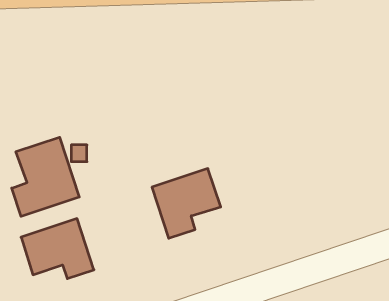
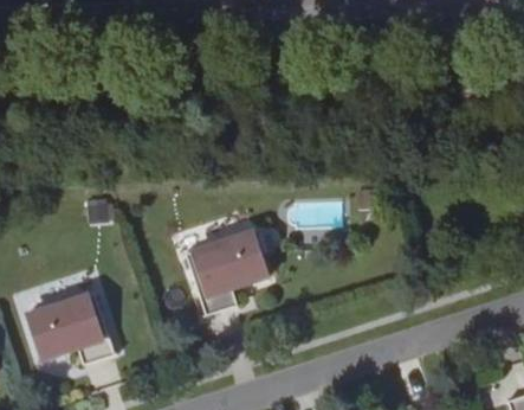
building: [12,137,79,216] -> none

